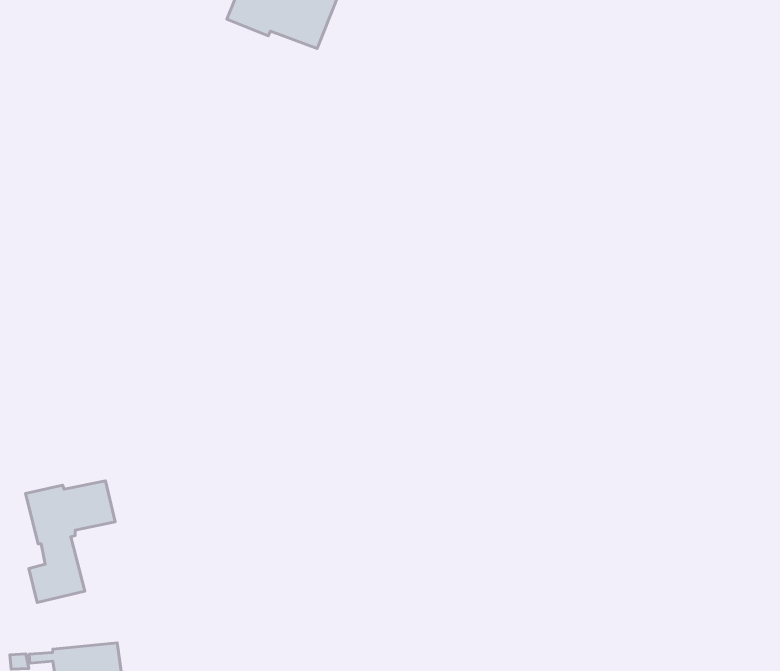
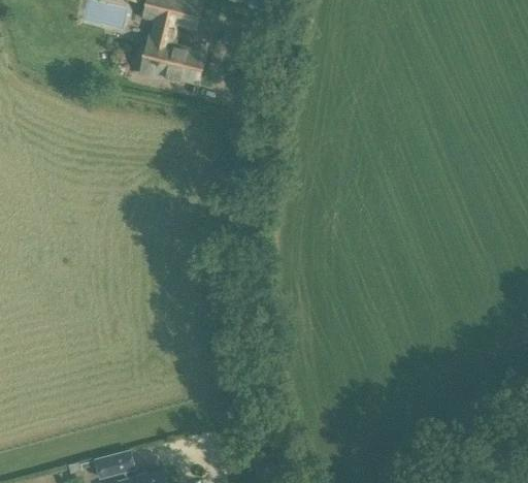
building: [26,481,115,602] -> none

